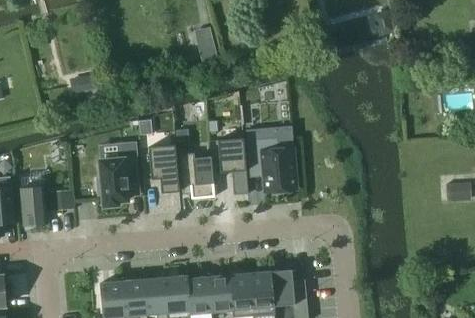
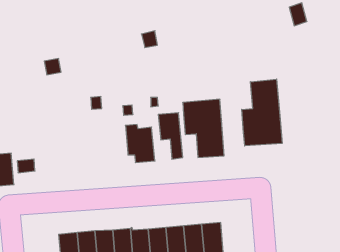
building: none -> [242,79,282,146]
building: [97,141,139,206] -> none
building: [149,146,177,192] -> none

